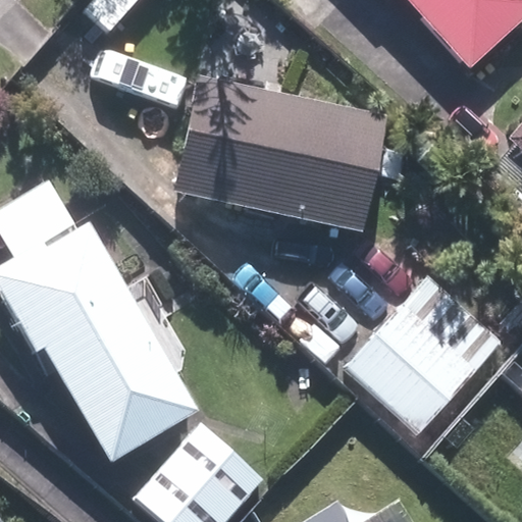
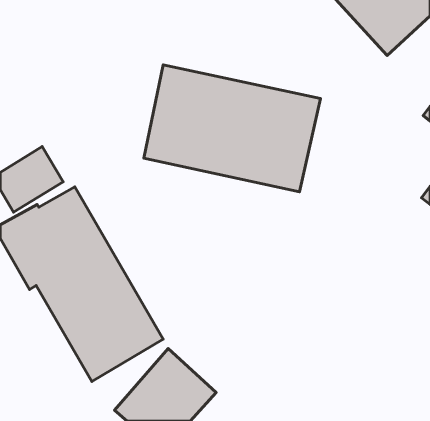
building: [349,275,500,428] -> none

